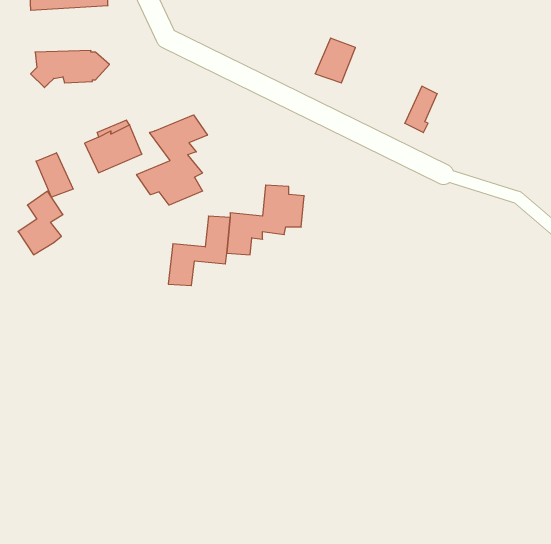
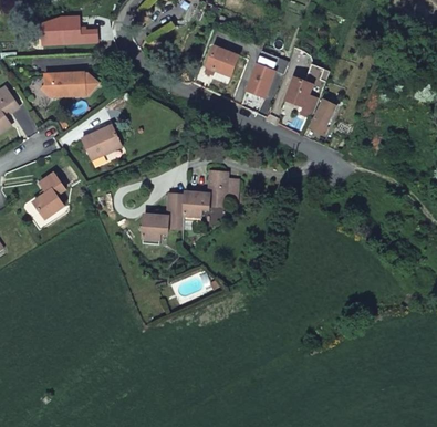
building: none -> [207,46,238,75]
building: none -> [287,62,331,116]
building: [137,115,207,205] -> none
building: [36,153,73,197] -> none

